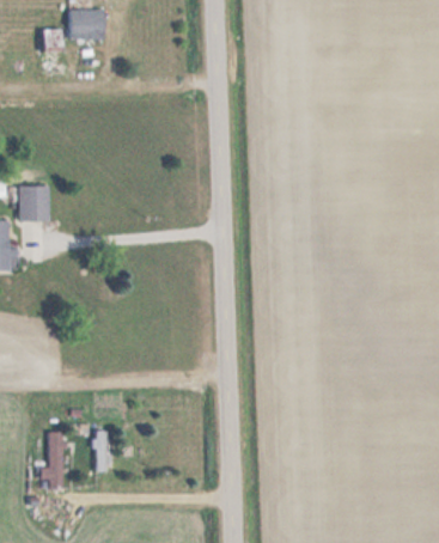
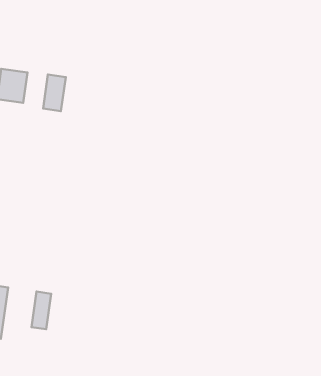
building: none -> [43,75,66,111]

